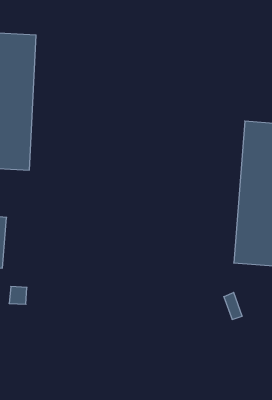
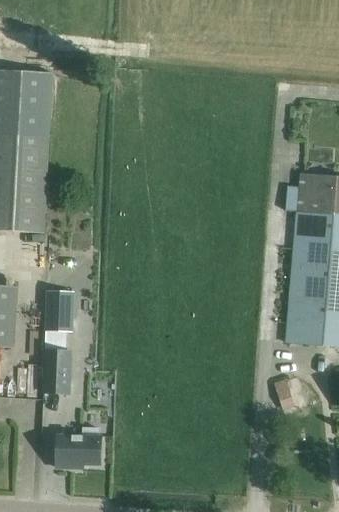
building: none -> [45,289,74,331]
building: none -> [43,350,71,391]
building: none -> [55,426,100,467]

